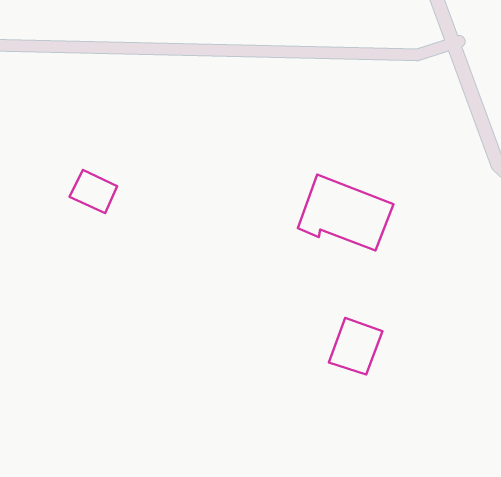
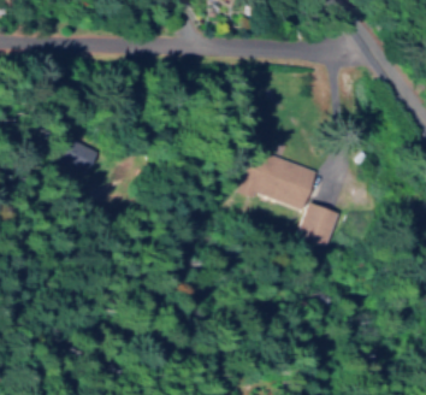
building: [329,318,383,375] -> [297,201,341,247]

